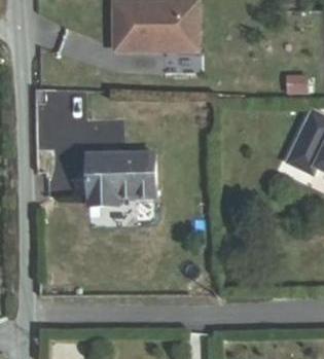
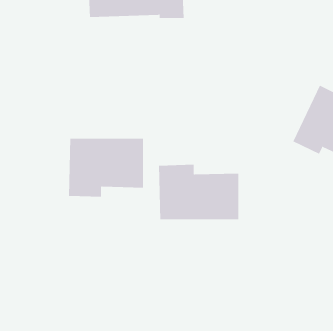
building: none -> [158,164,239,220]

